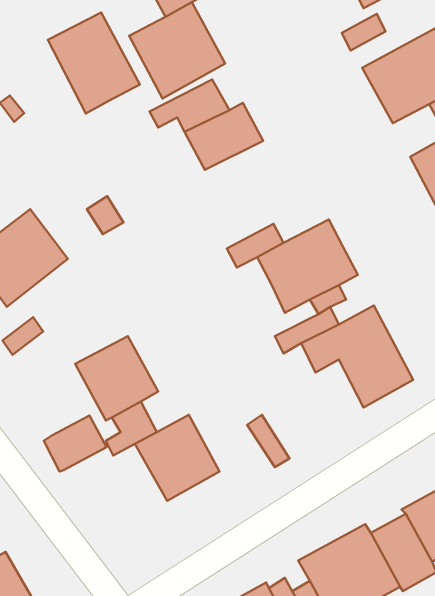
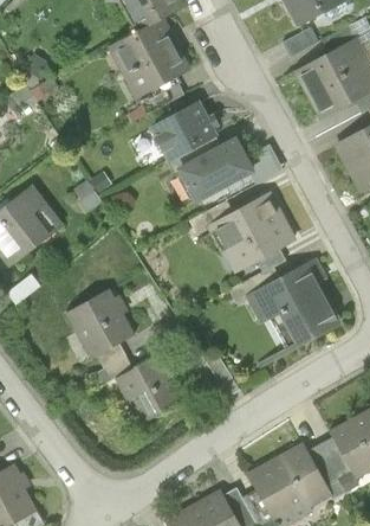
building: [48,12,140,113] -> none
building: none -> [183,137,254,198]
building: [44,416,106,472] -> none

